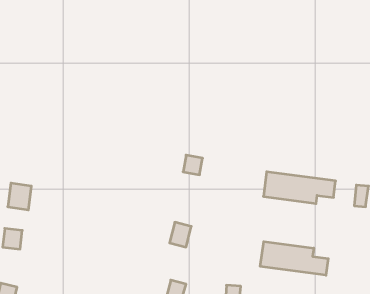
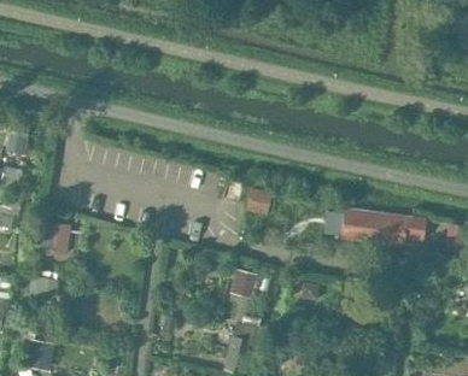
building: [260,242,328,275] -> none

